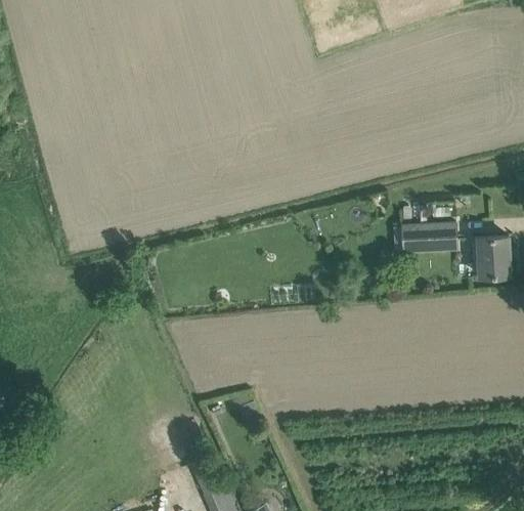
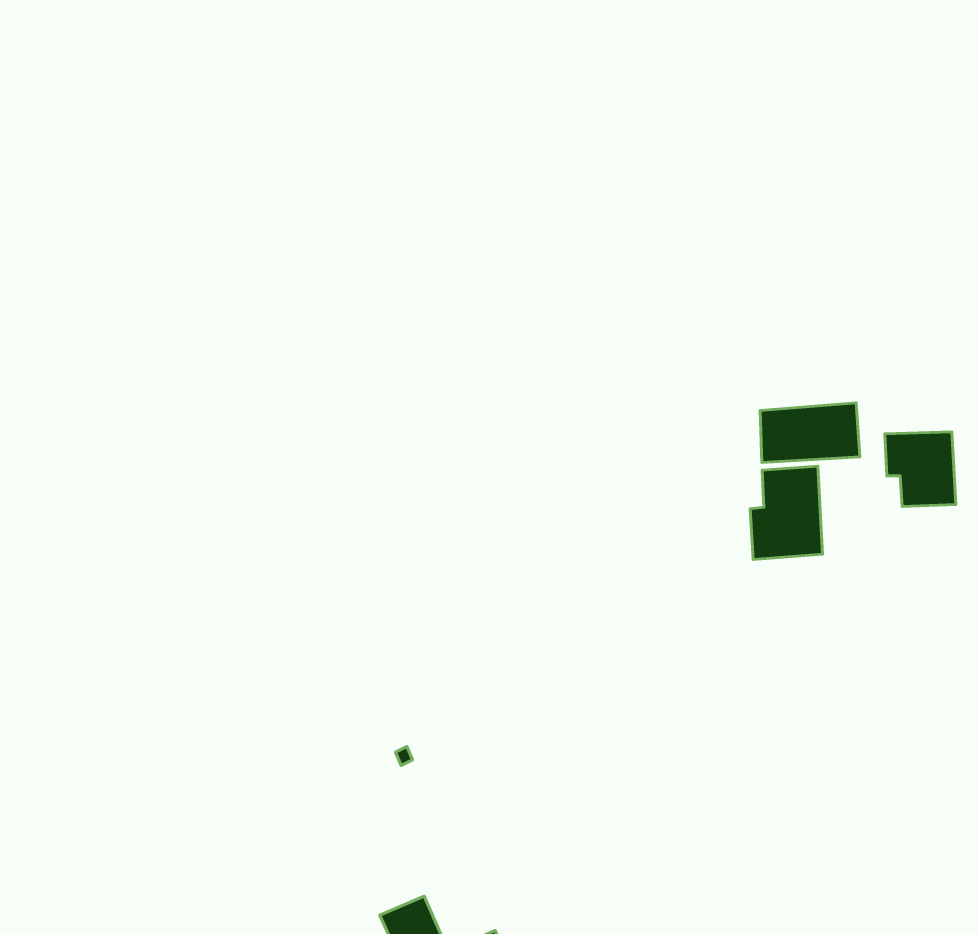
building: none -> [750,466,822,560]

